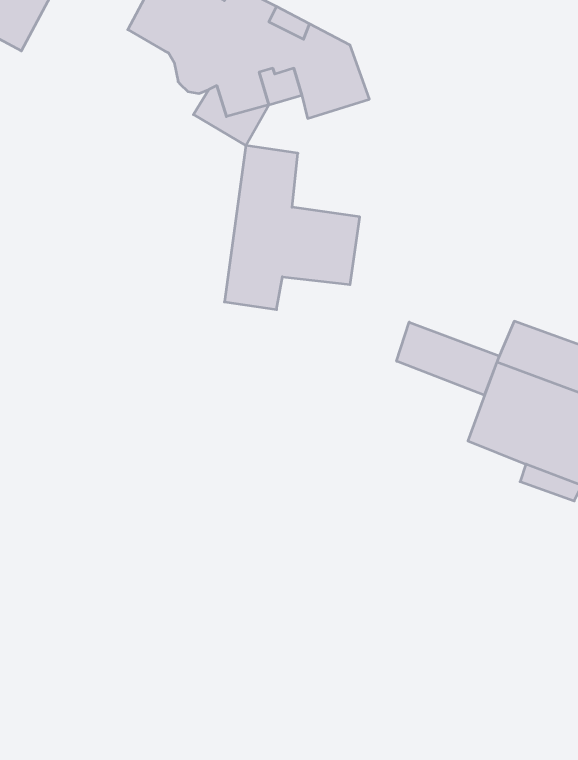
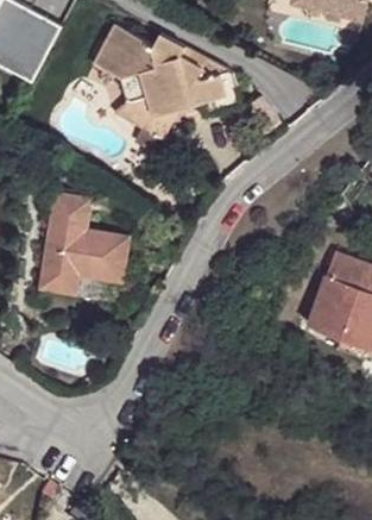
building: [224,146,360,310] -> [46,183,130,284]
building: [397,322,499,395] -> none

